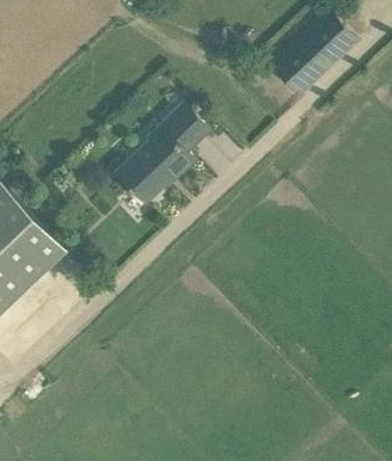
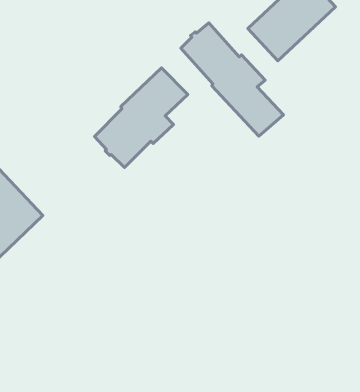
building: none -> [181,23,284,136]

